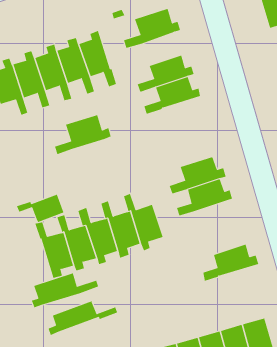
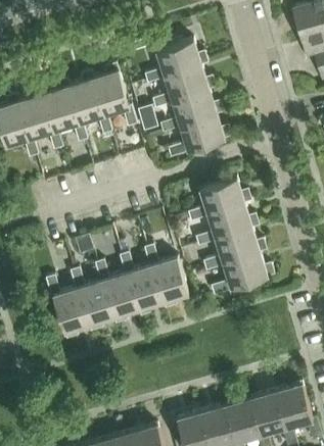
building: none -> [151,64,215,108]
building: [54,114,112,155] -> [186,176,250,220]
building: [16,194,64,223] -> none
building: [202,244,259,282] -> [211,252,274,294]
building: [31,272,99,308] -> none
building: [48,301,118,336] -> none

